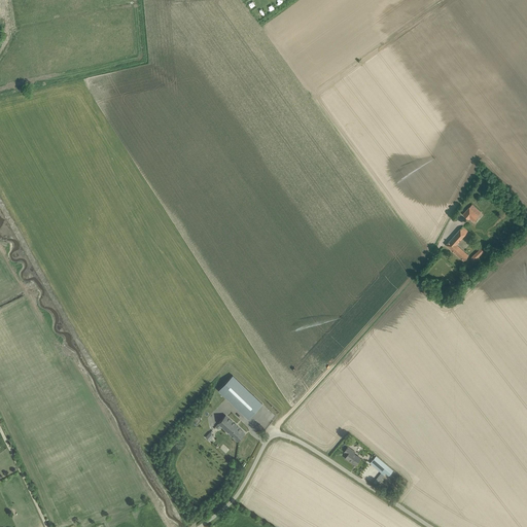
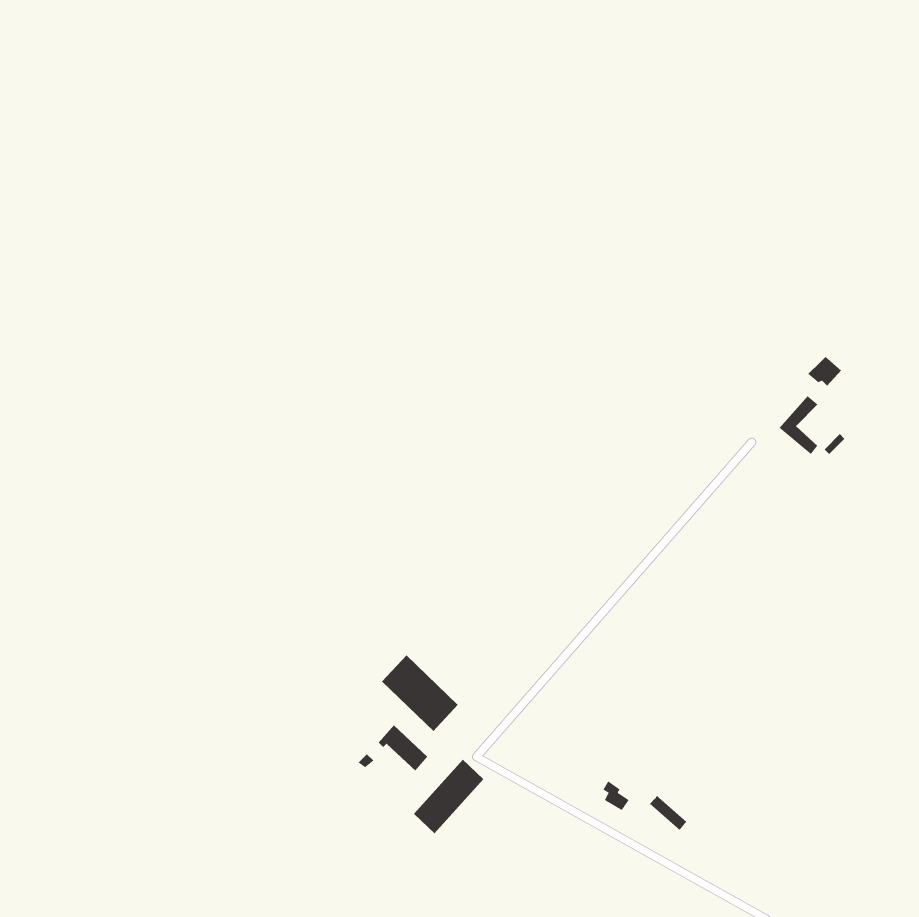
building: none -> [413,759,484,834]

